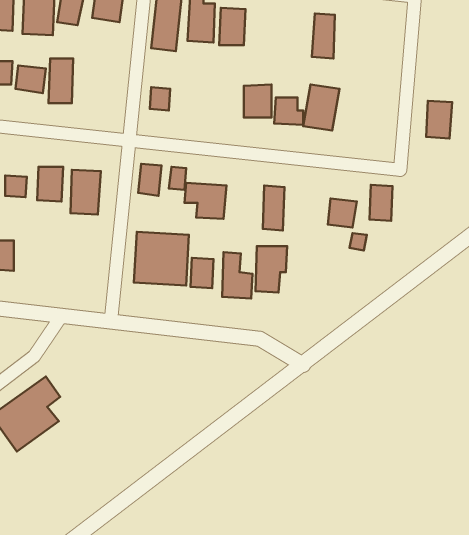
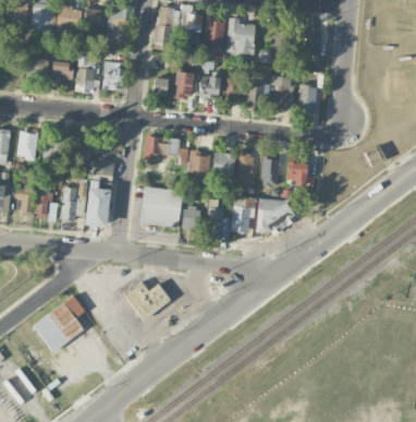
building: none -> [228,17,255,52]
building: none -> [304,28,321,55]
building: none -> [103,57,123,89]
building: none -> [174,72,194,97]
building: none -> [199,72,220,98]
building: [426,101,452,138] -> [297,85,317,113]
building: [369,185,393,221] -> [261,158,279,185]
building: none -> [213,153,234,176]
building: none -> [87,181,110,226]
building: none -> [61,186,81,221]
building: none -> [257,198,292,230]
building: none -> [126,282,170,318]

